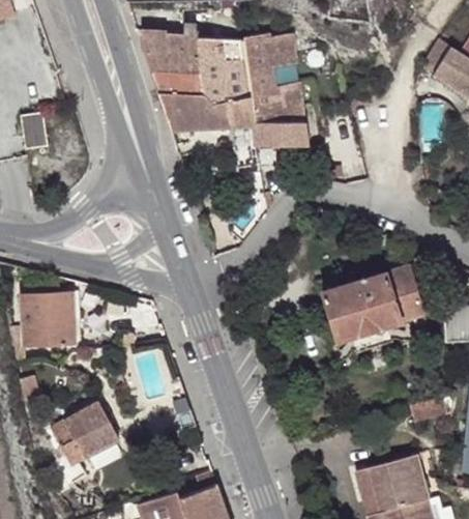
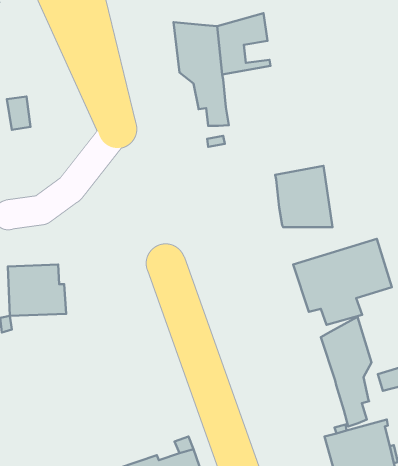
building: [141,30,222,131] -> none
building: [246,83,306,147] -> [275,166,332,227]
building: none -> [321,317,372,426]
building: [55,401,120,461] -> none

